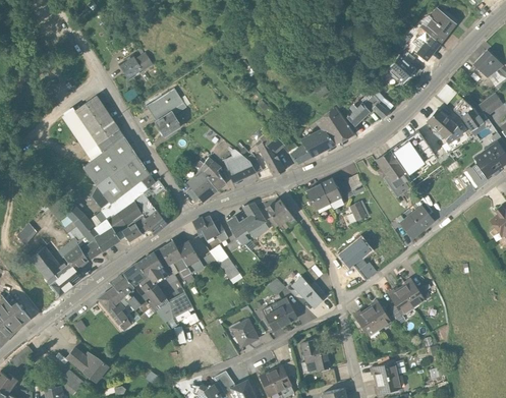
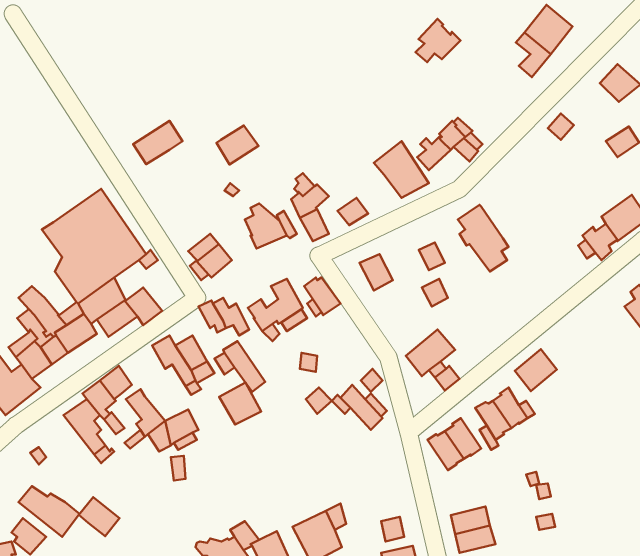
building: [120,53,153,80] -> none
building: [385,54,416,84] -> [416,19,461,62]
building: [60,97,124,162] -> none
building: [453,99,484,130] -> none
building: [427,109,462,143] -> none
building: [153,111,182,138] -> [216,125,258,165]
building: [302,128,335,156] -> none
building: [391,131,434,173] -> none
building: [200,158,225,188] -> none
building: [320,178,343,209] -> none
building: [402,207,432,236] -> [515,349,557,391]
building: [136,251,164,286] -> none
building: [262,298,298,332] -> none
building: [230,318,260,347] -> [219,382,261,425]
building: [299,340,330,373] -> none
building: none -> [79,497,120,536]

